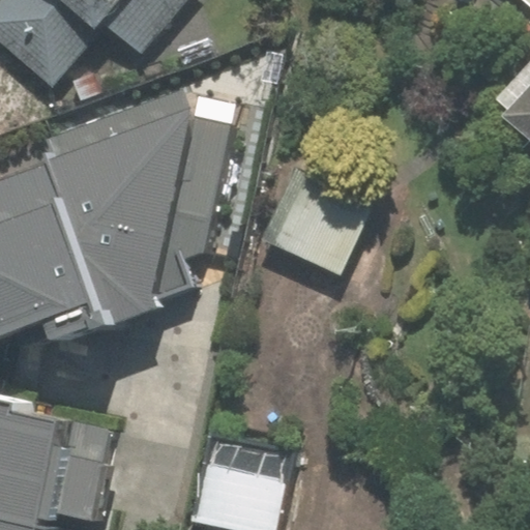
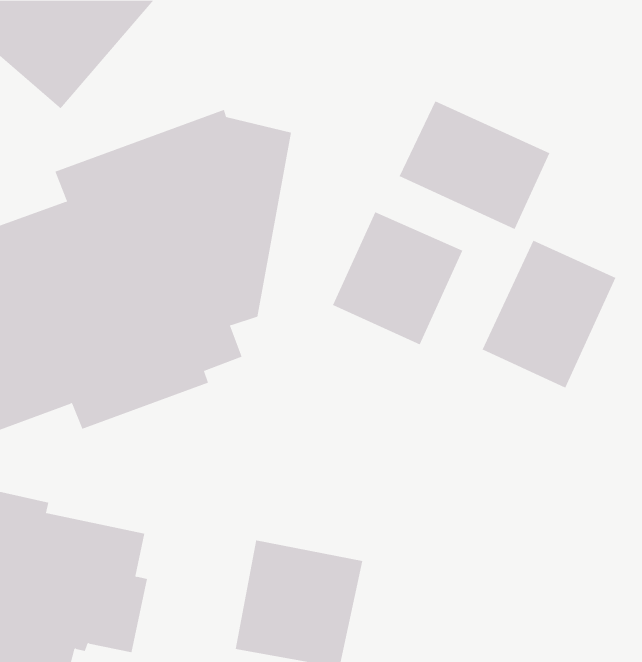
building: none -> [399,100,550,230]
building: none -> [482,240,616,388]

